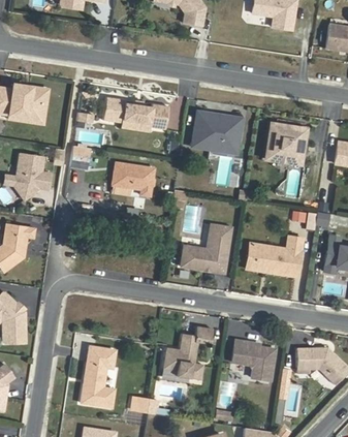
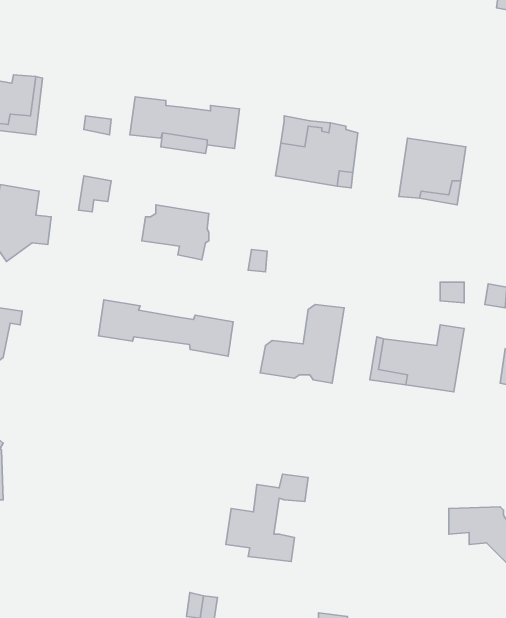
building: none -> [98,300,233,356]
building: [229,341,273,381] -> none
building: [78,348,113,408] -> none

